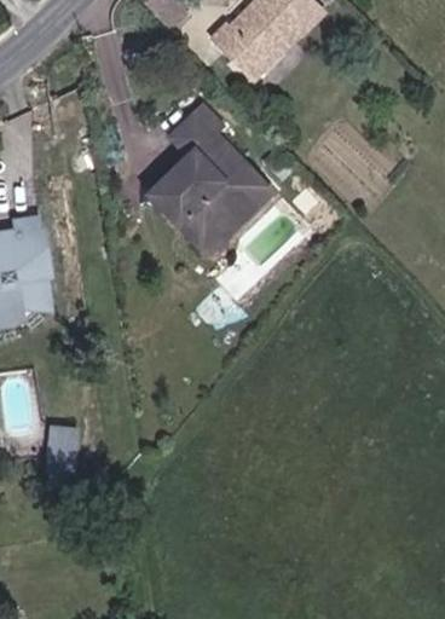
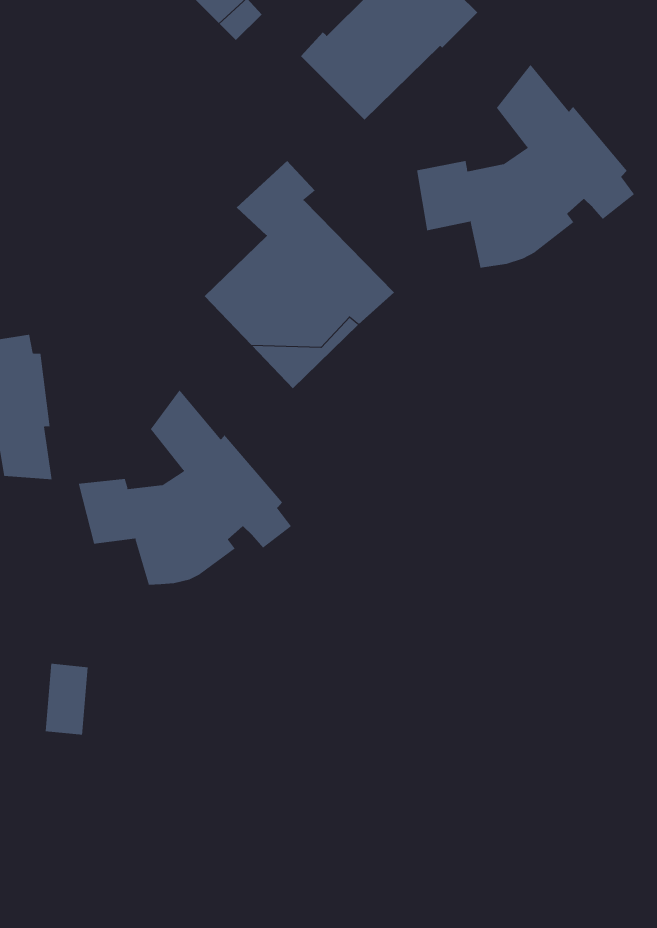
building: none -> [416,64,635,269]
building: none -> [78,389,292,586]

